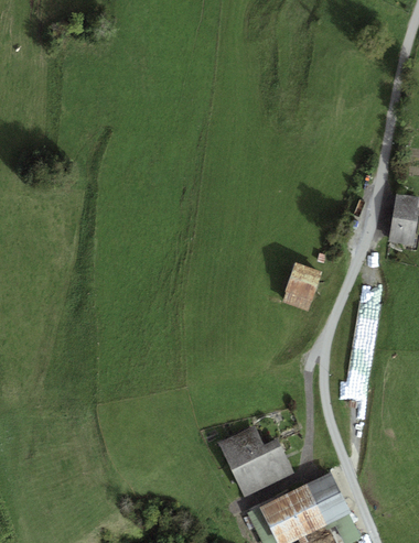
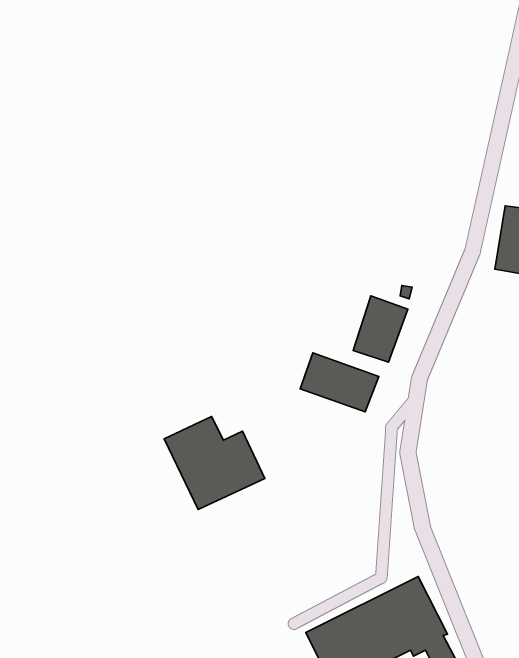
building: none -> [300,353,379,412]
building: [218,426,293,496] -> [164,417,265,510]

